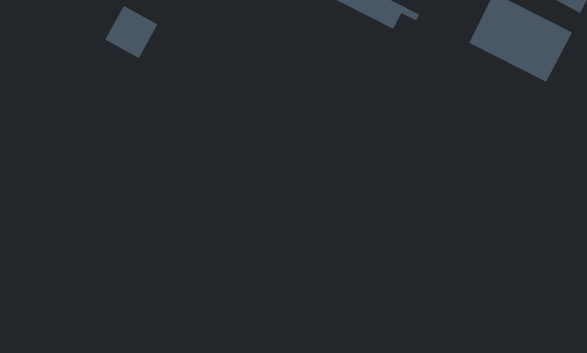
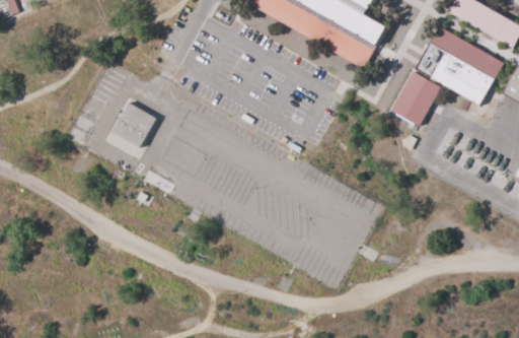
building: [104,5,158,59] -> [112,103,157,148]
building: none -> [392,72,441,126]

